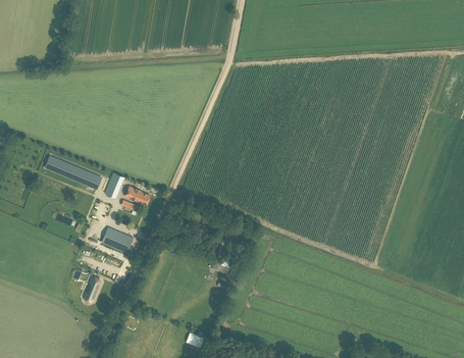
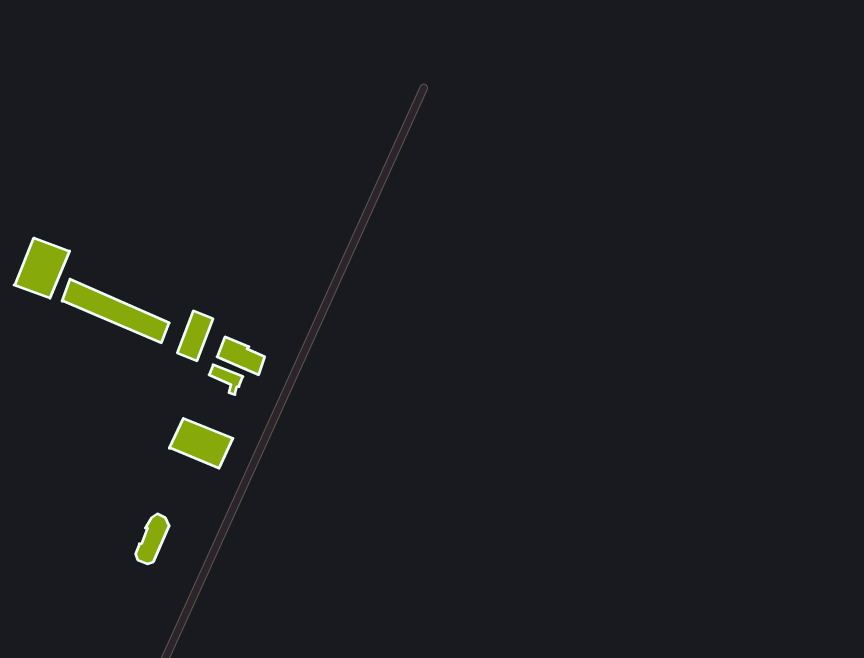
building: none -> [14,238,70,298]

